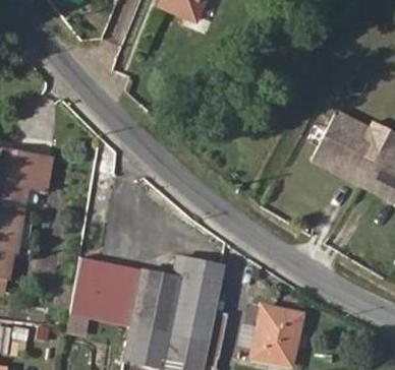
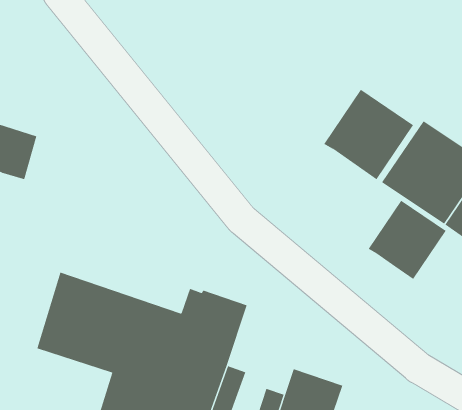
building: none -> [324,89,414,180]
building: none -> [368,200,447,280]

